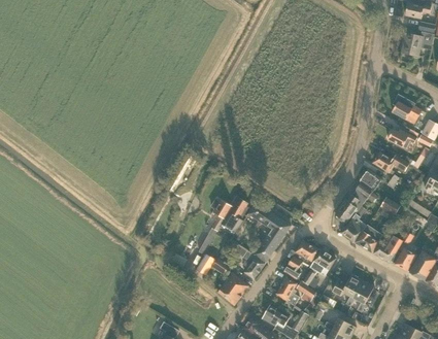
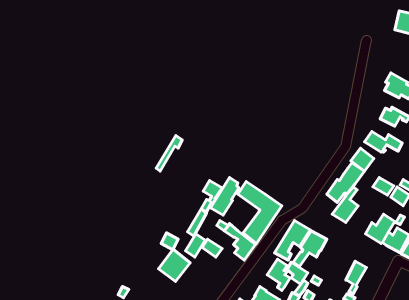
building: [355,225,382,253] -> none
building: [217,273,248,305] -> [159,249,190,282]
building: [332,274,363,306] -> none

